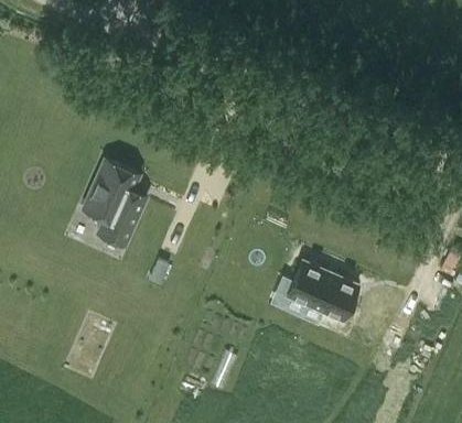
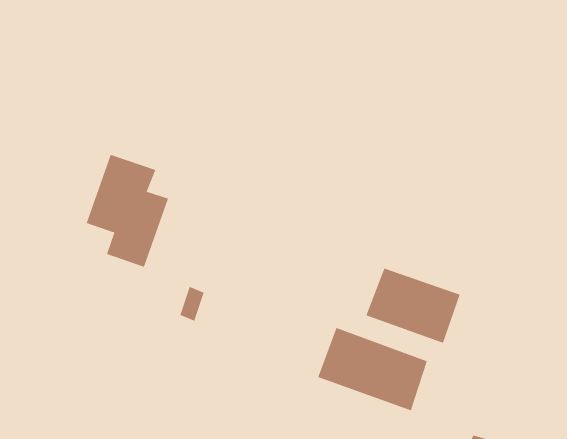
building: none -> [317,327,427,411]

